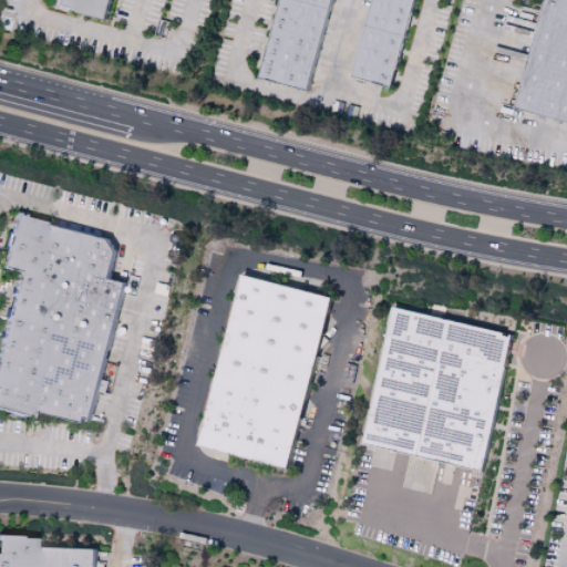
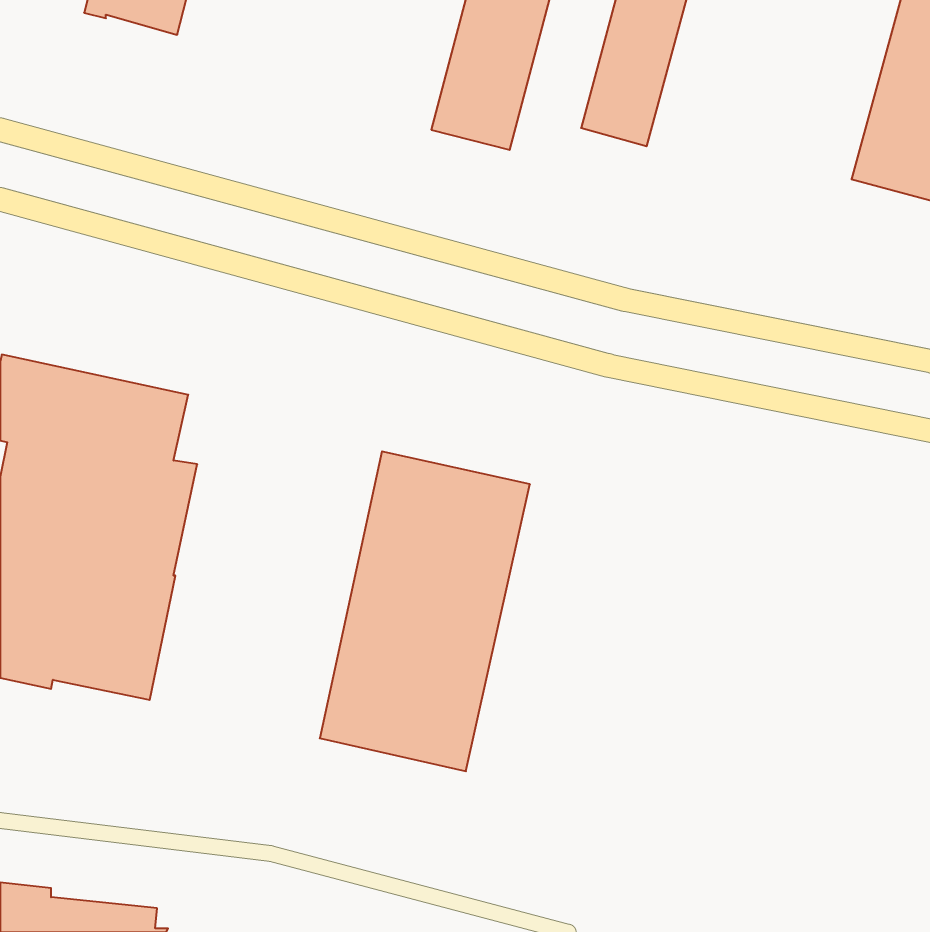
building: [359,307,511,471] -> none

